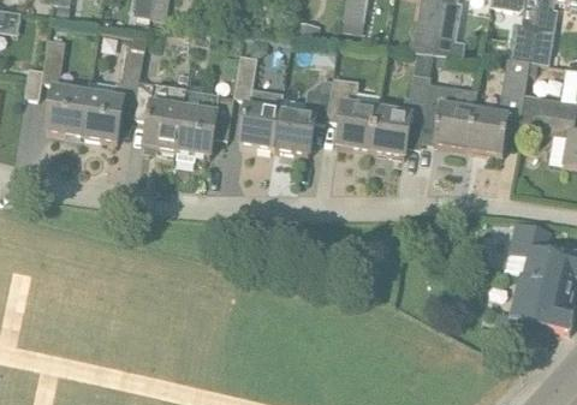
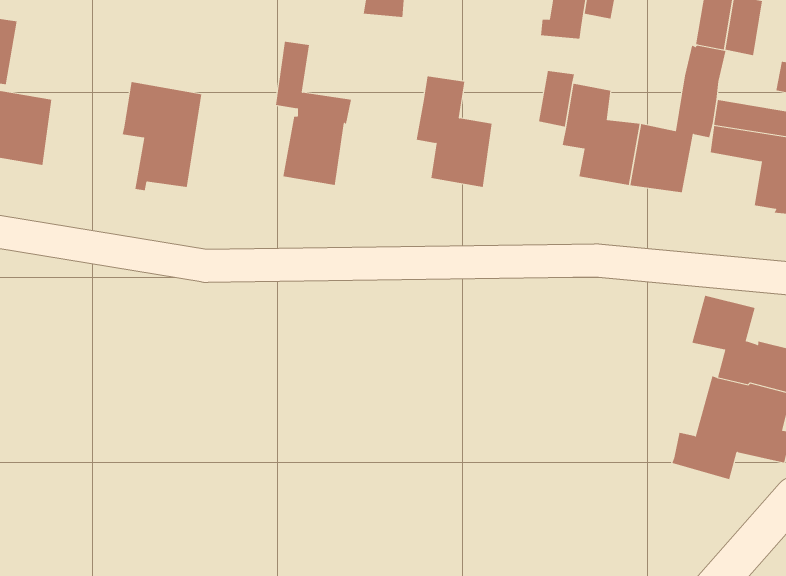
building: [82,48,144,139] -> none
building: [177,88,234,159] -> none
building: [274,88,332,153] -> none
building: [371,107,411,154] -> none

